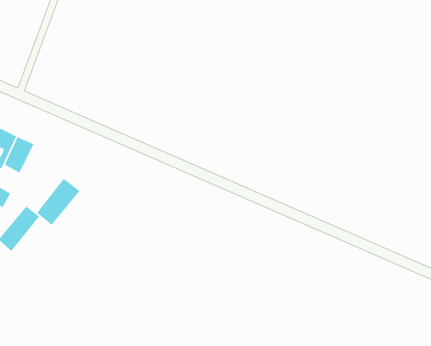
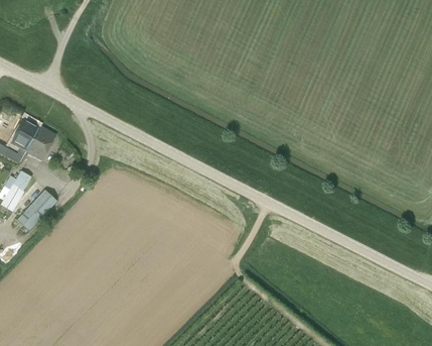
building: [36,178,80,226] -> none

